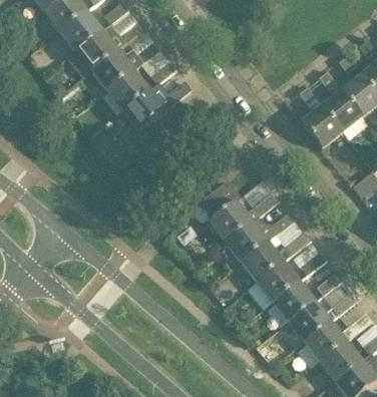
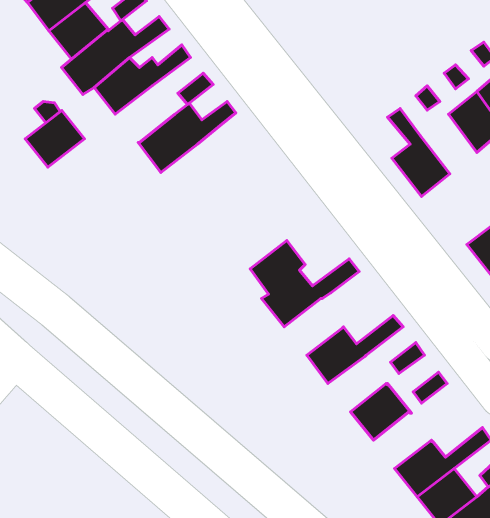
building: [106,70,148,110] -> [25,110,85,167]
building: [322,90,362,132] -> none
building: [226,213,294,261] -> none
building: [257,261,299,301] -> none
building: [289,292,356,341] -> none

